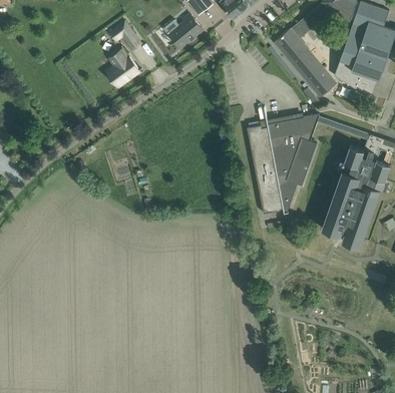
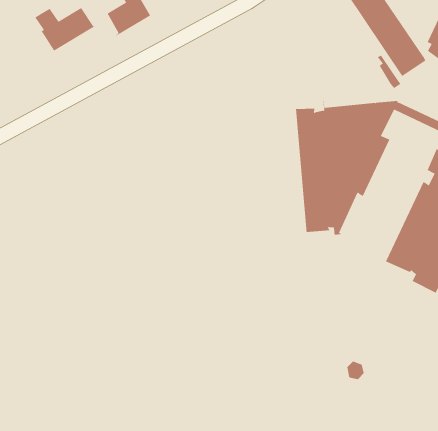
building: none -> [35,7,99,55]

